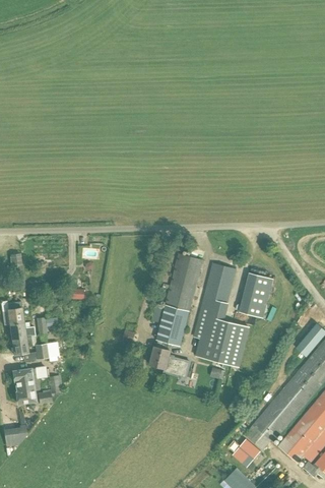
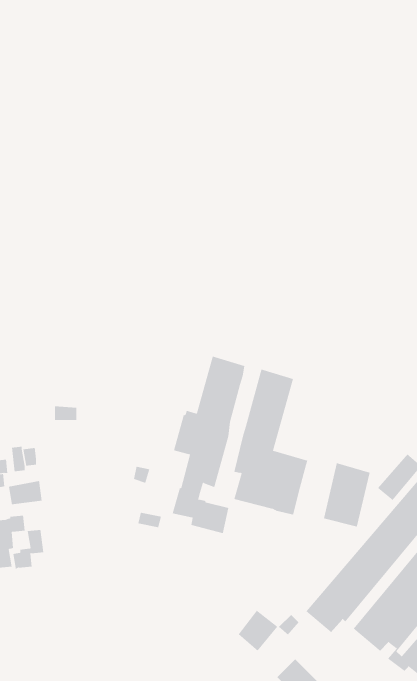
building: [239,272,272,318] -> [323,462,370,527]
building: [233,439,261,469] -> [238,610,278,651]

